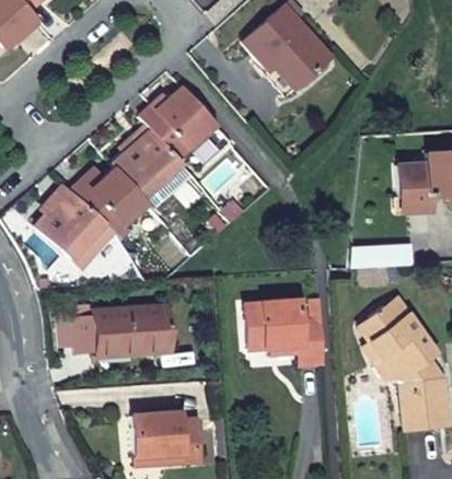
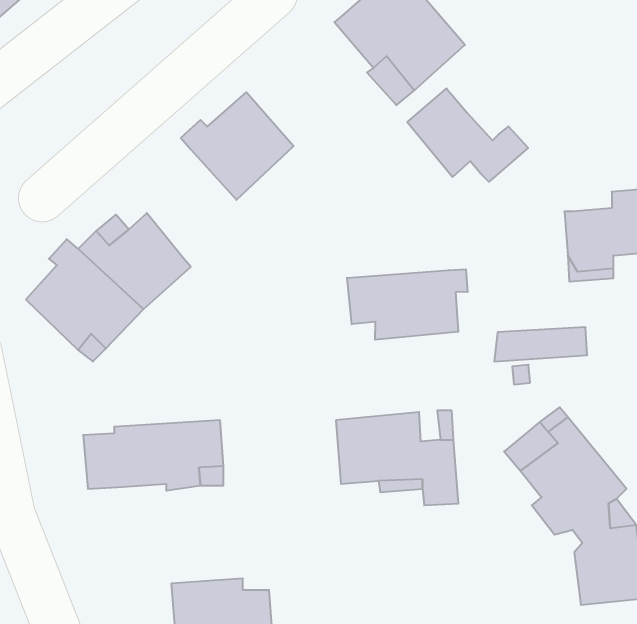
building: none -> [407,88,528,182]
building: [113,125,179,197] -> none
building: none -> [347,269,468,340]

